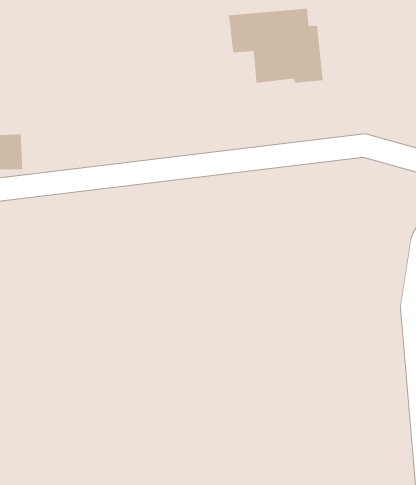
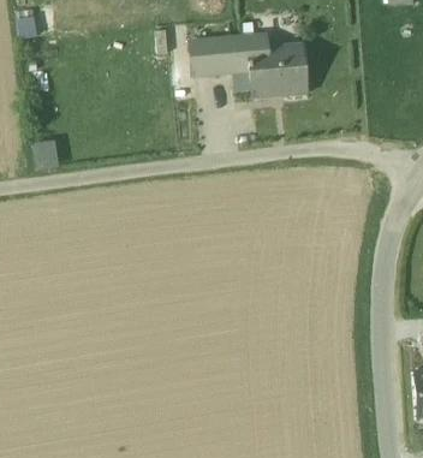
building: none -> [189,38,232,73]

